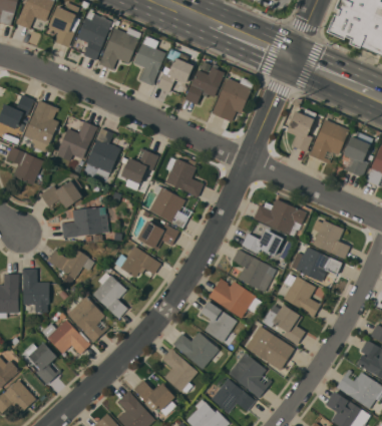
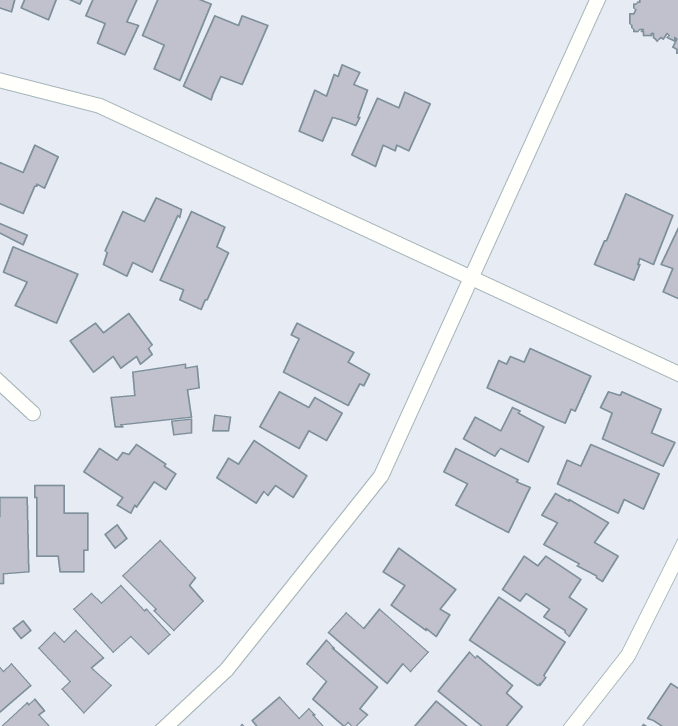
building: [133,39,166,86] -> none
building: [212,78,254,121] -> none
building: [24,100,59,151] -> none
building: [286,109,317,152] -> none
building: [121,148,158,190] -> none
building: [165,157,205,197] -> none
building: [92,273,127,319] -> none
building: [209,279,262,318] -> none

